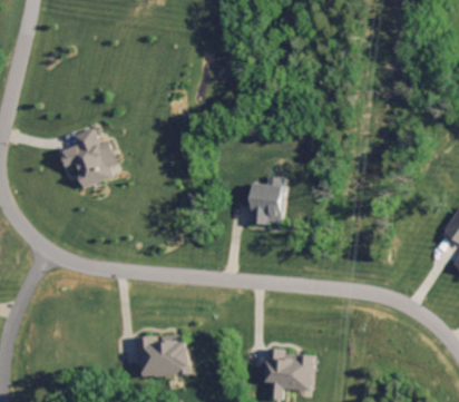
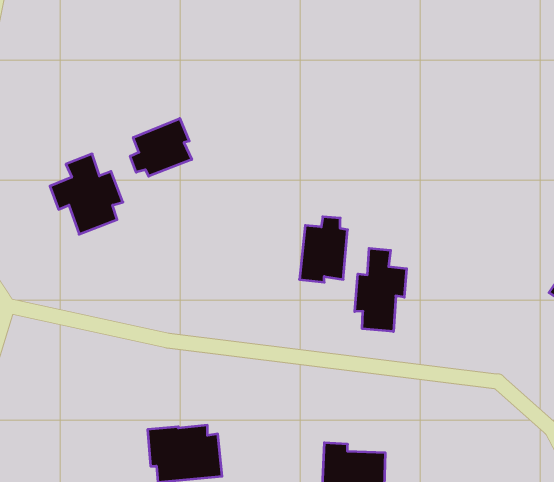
building: none -> [130,118,192,176]
building: none -> [355,248,407,332]

